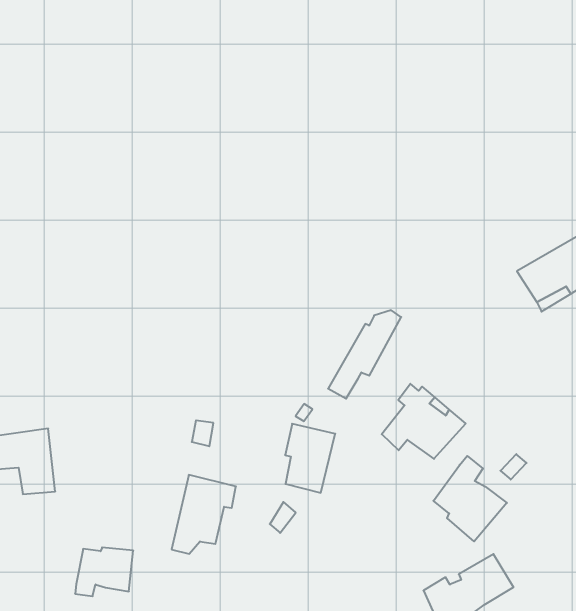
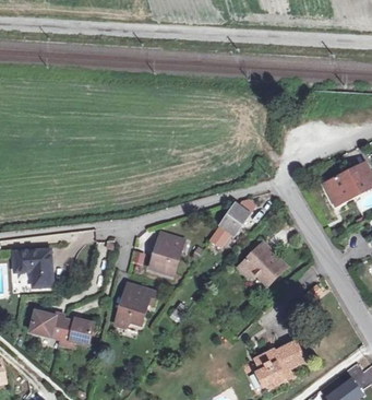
building: [285,424,335,493] -> [153,232,183,272]
building: [433,456,507,541] -> none
building: none -> [31,309,65,339]

